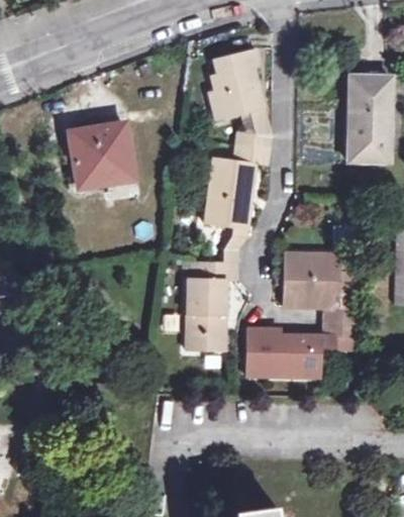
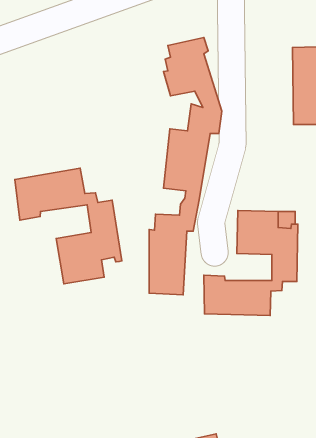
building: [61,126,124,186] -> none
building: none -> [15,168,122,284]

